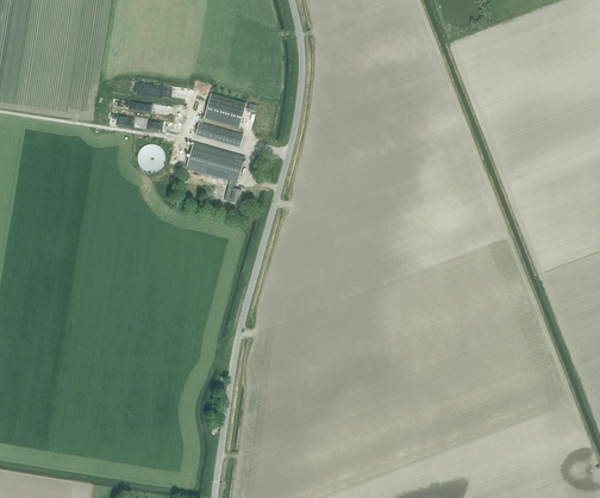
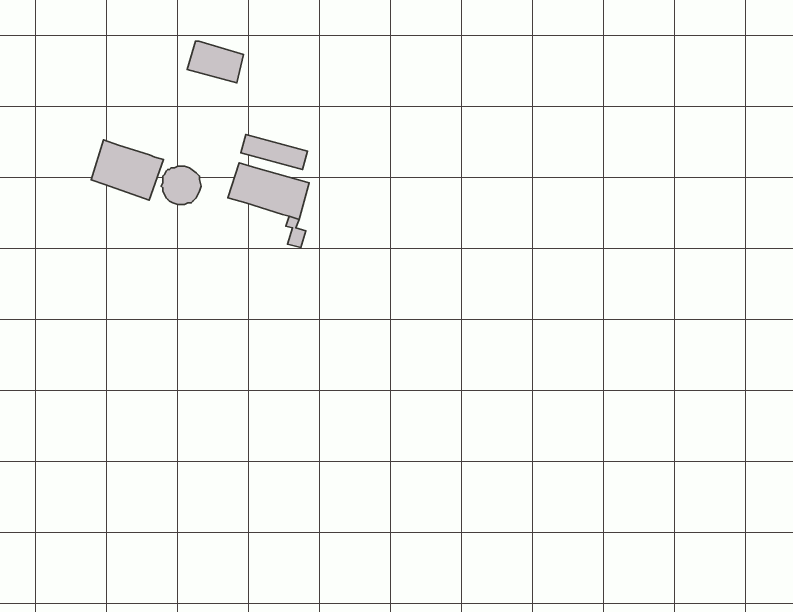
building: [204,93,244,123] -> [187,41,244,83]
building: none -> [91,140,163,200]

